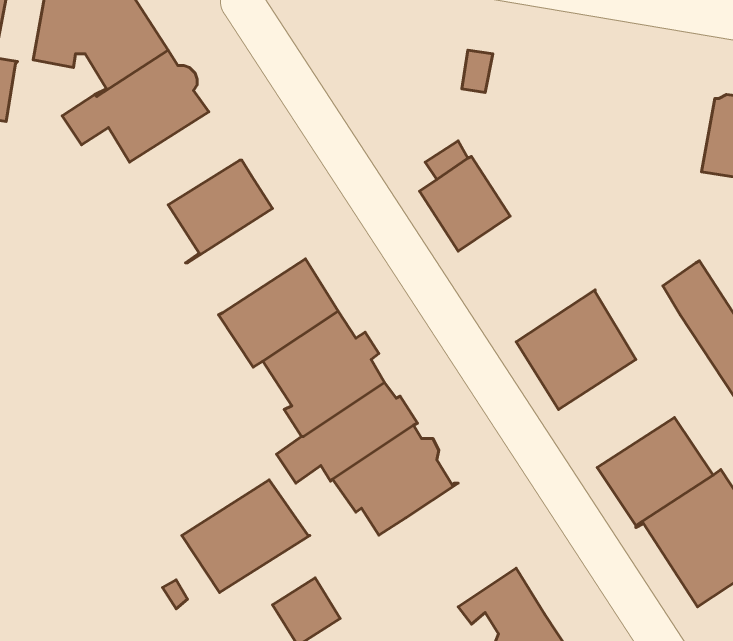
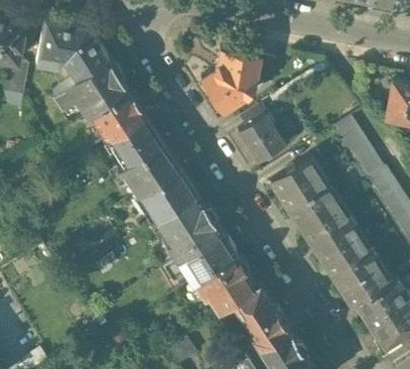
building: none -> [202,51,262,115]
building: none -> [89,92,146,140]
building: none -> [332,119,384,182]
building: none -> [119,142,180,197]
building: none -> [273,157,331,212]
building: none -> [312,221,373,277]
building: [182,480,310,592] -> none
building: none -> [233,285,290,350]

